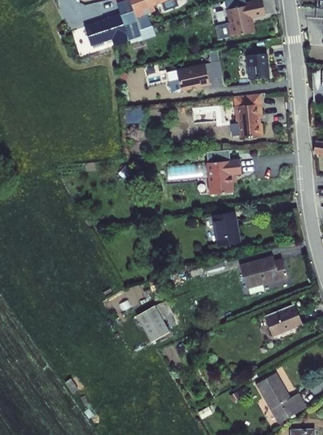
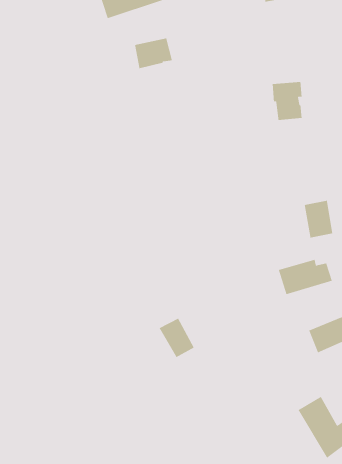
building: [246,54,268,79] -> none
building: [175,64,208,91] -> [134,38,173,69]
building: [203,158,238,195] -> none
building: [214,213,239,246] -> [304,200,333,239]

